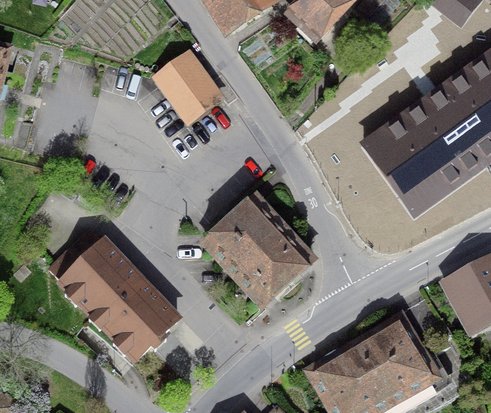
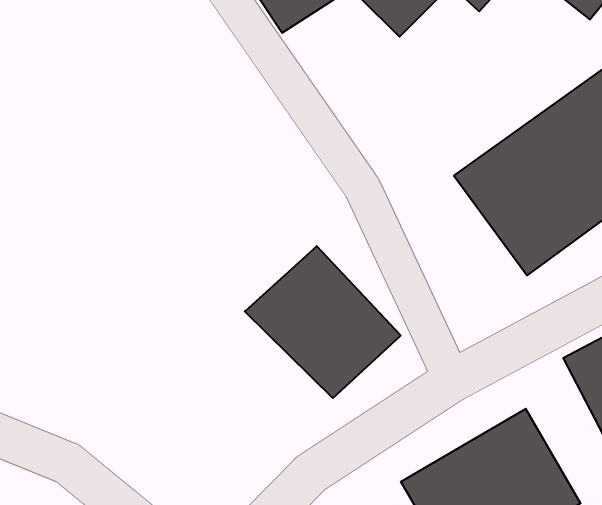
building: [155,50,228,123] -> none
building: [50,236,178,363] -> none

